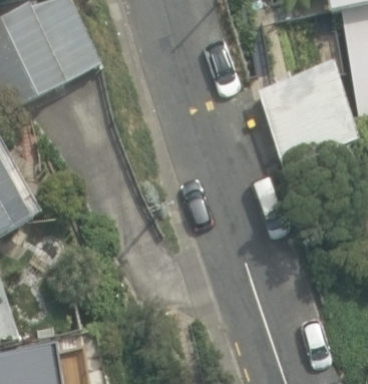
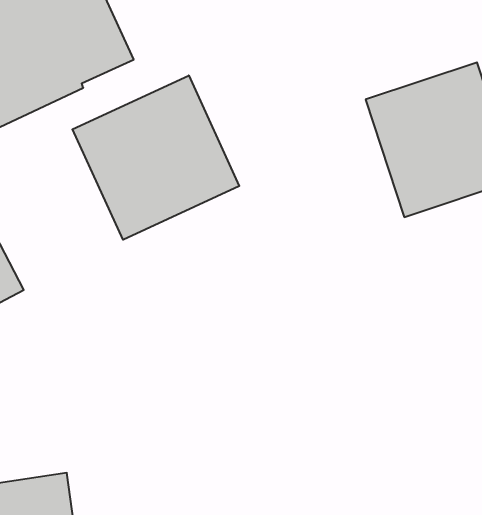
building: none -> [72,75,239,240]

